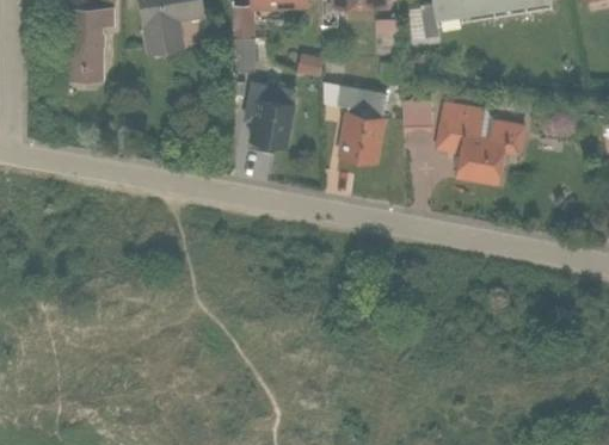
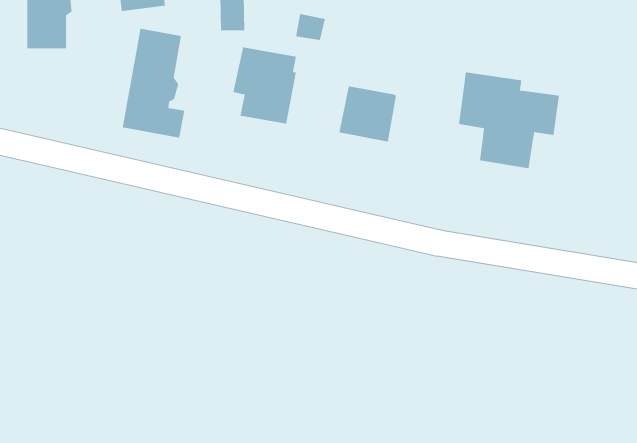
building: none -> [122,28,185,138]
building: [331,87,387,124] -> none
building: [402,103,432,131] -> none

